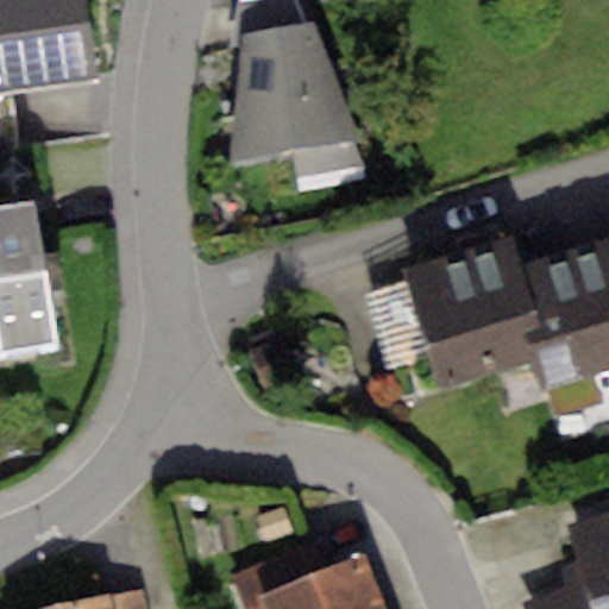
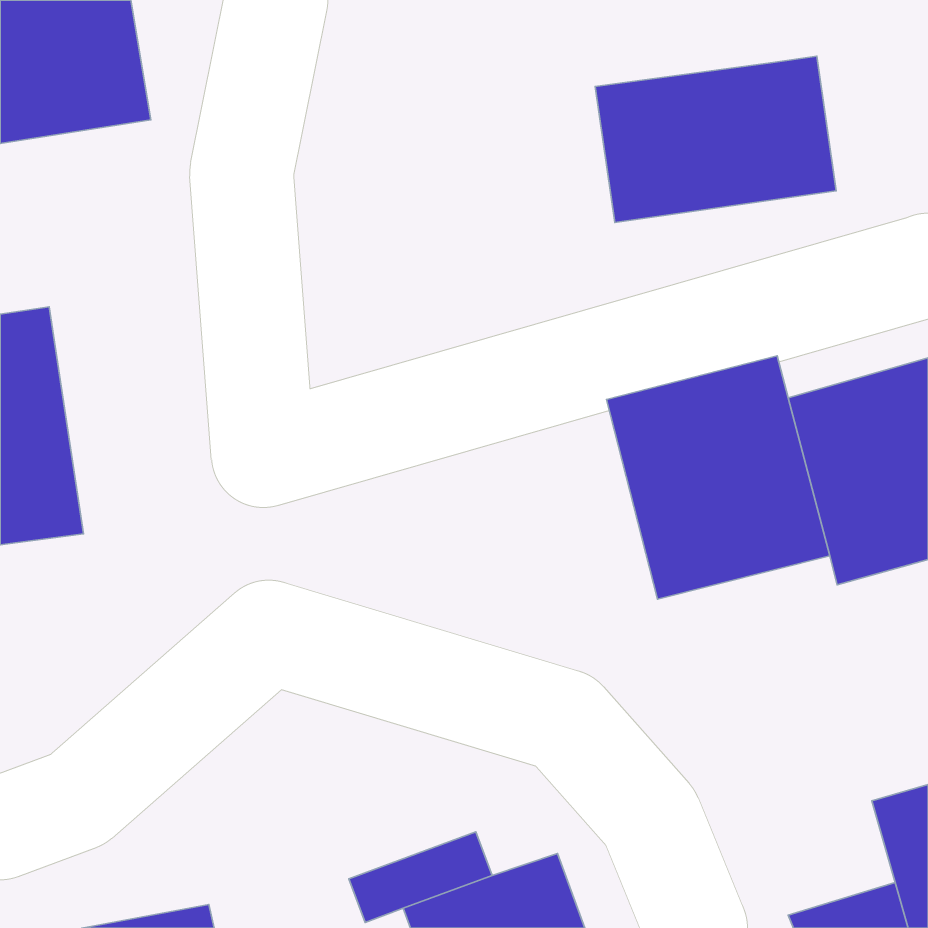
building: [233,25,358,157] -> none
building: none -> [595,56,836,222]

